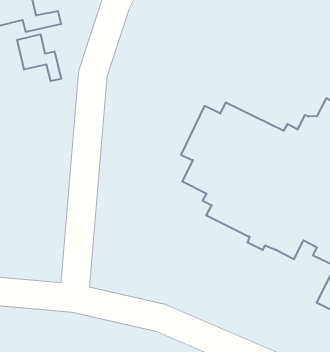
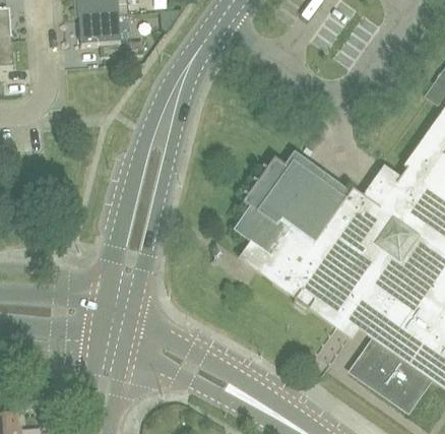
building: [17,34,61,81] -> none

